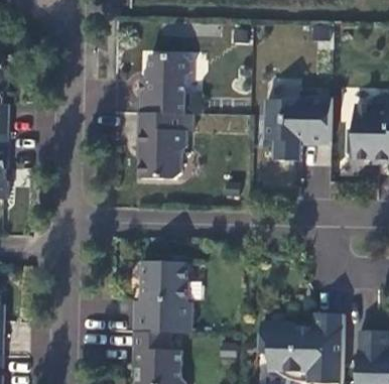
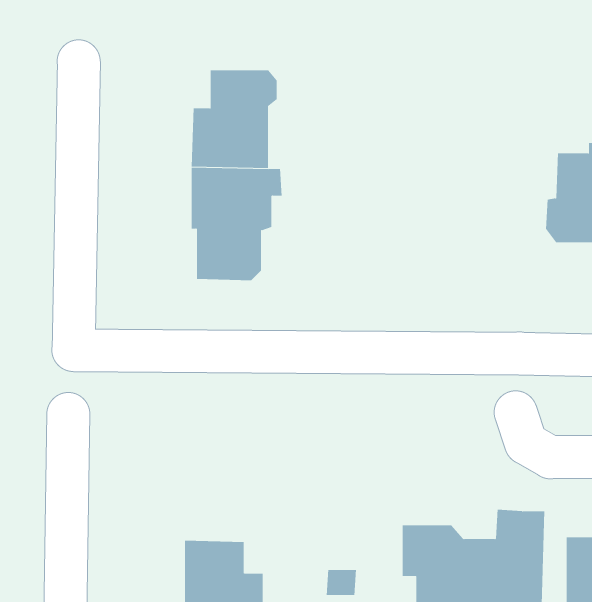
building: [263,96,329,161] -> none
building: [134,262,191,332] -> none

